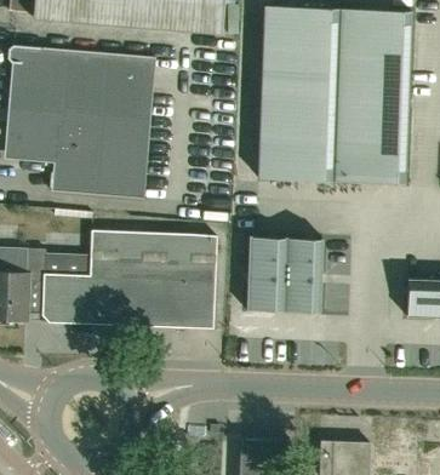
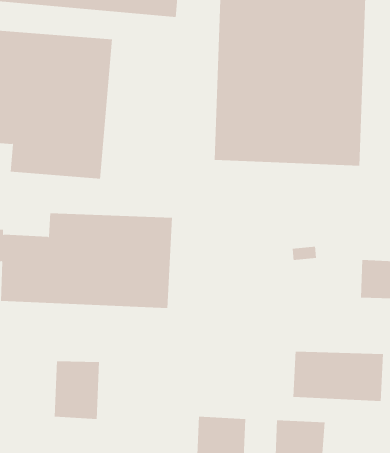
building: [246,235,324,313] -> none
building: none -> [293,351,384,402]
building: none -> [54,360,100,420]

